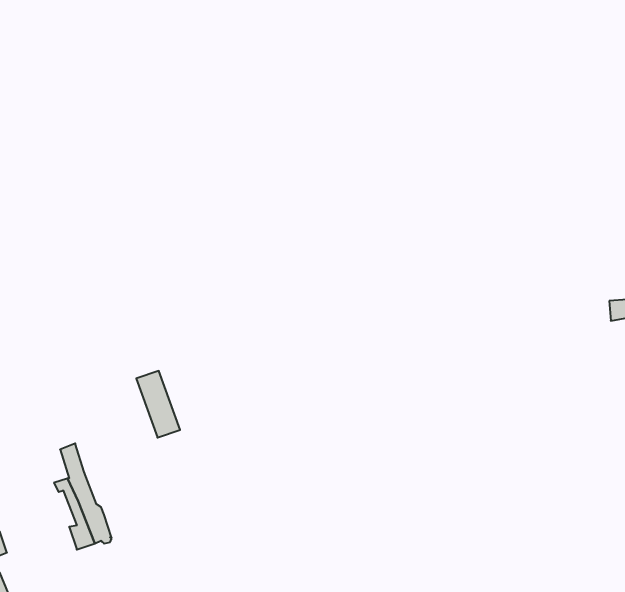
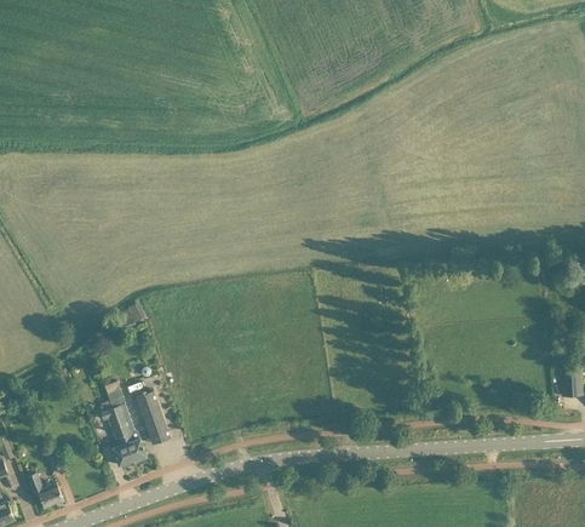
building: [136,371,180,438] -> [134,389,170,442]

